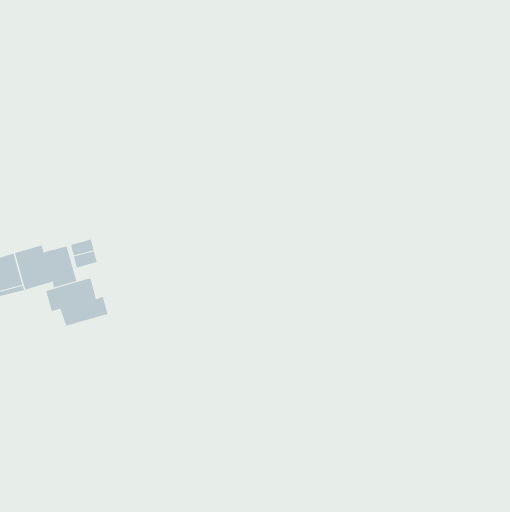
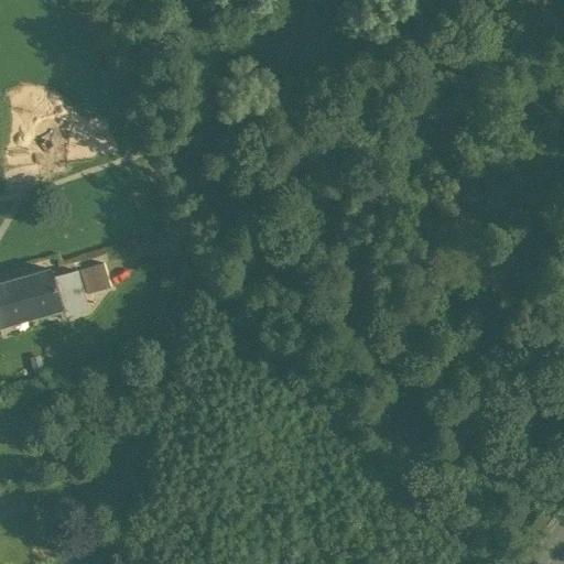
building: [45,278,108,327] -> none

